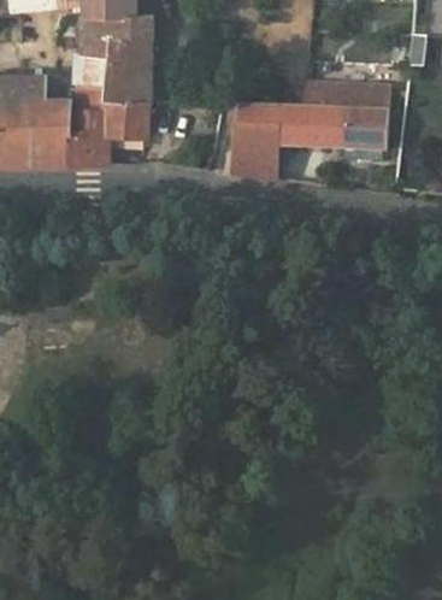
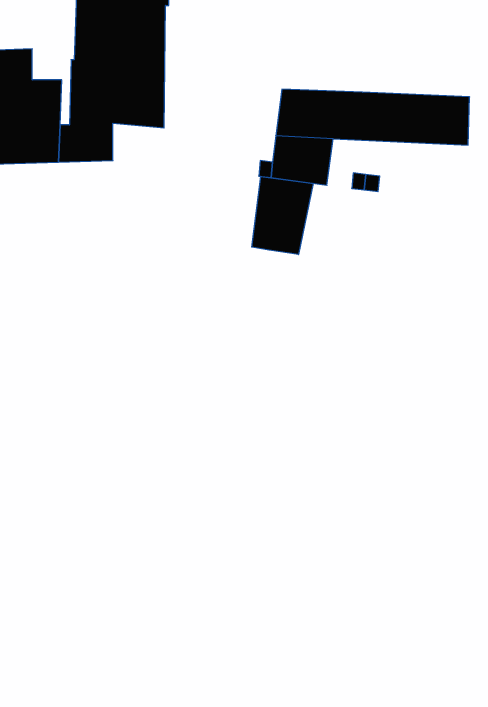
building: [301,81,387,111] -> none
building: none -> [252,176,313,255]

